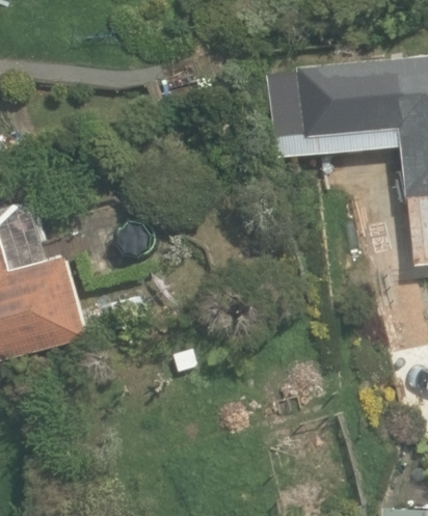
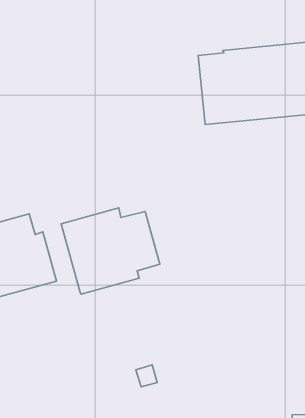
building: none -> [61,208,160,294]

